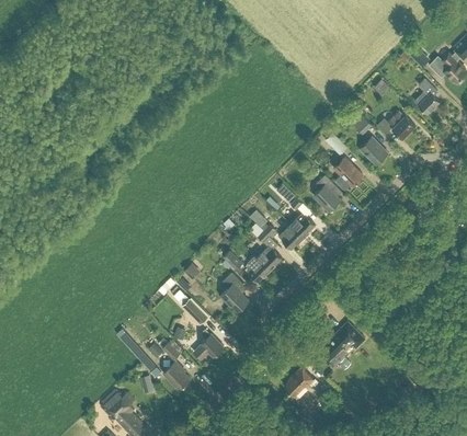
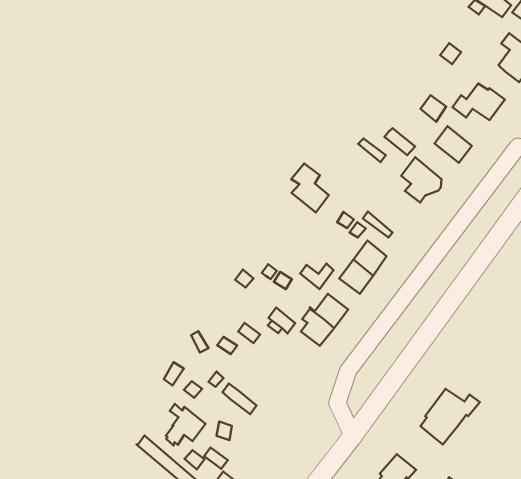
building: [314,175,340,211] -> [291,164,329,212]
building: [220,272,249,311] -> none
building: [195,329,225,358] -> [166,404,205,445]

